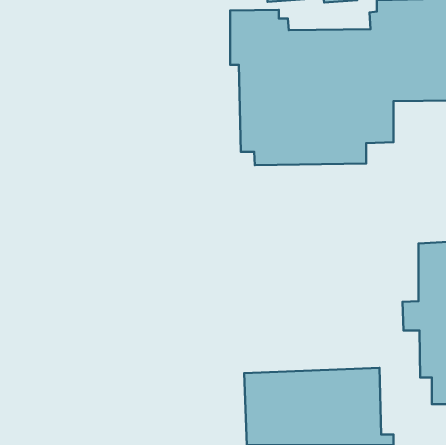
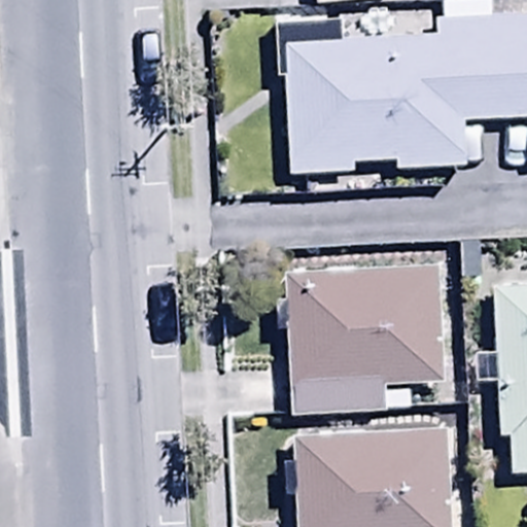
building: none -> [287,267,443,412]

